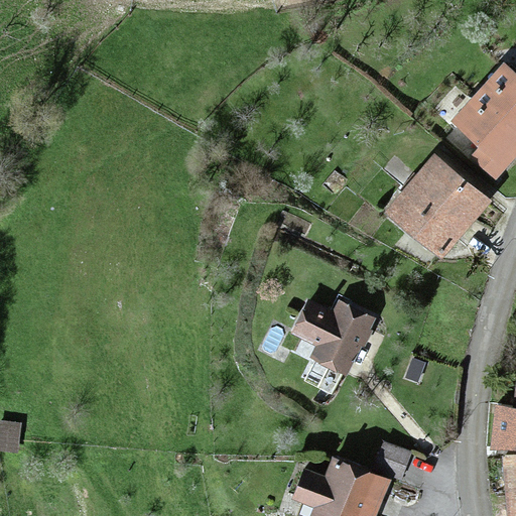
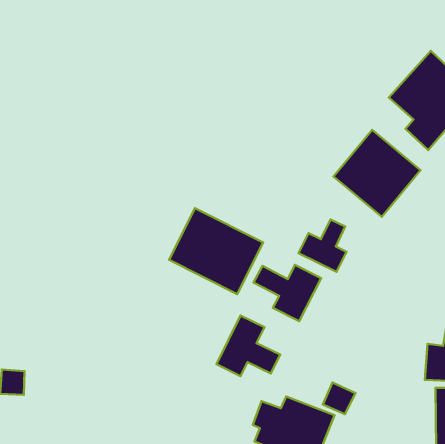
building: none -> [169,208,263,294]
building: none -> [299,219,347,272]
building: none -> [216,315,280,376]

